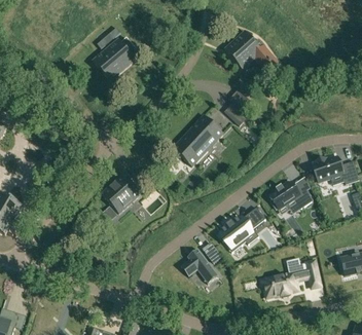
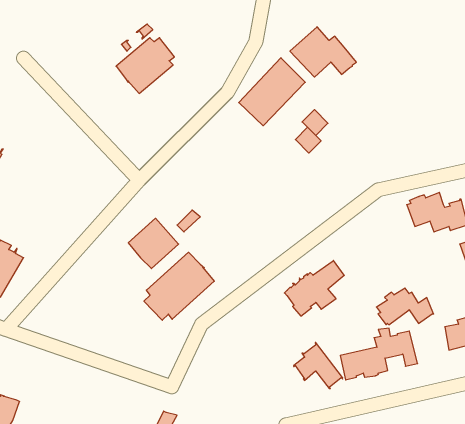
building: [172,115,222,166] -> [239,58,305,126]
building: [268,182,312,210] -> [376,288,434,325]
building: none -> [144,252,214,320]
building: [180,249,217,284] -> [294,342,343,388]

